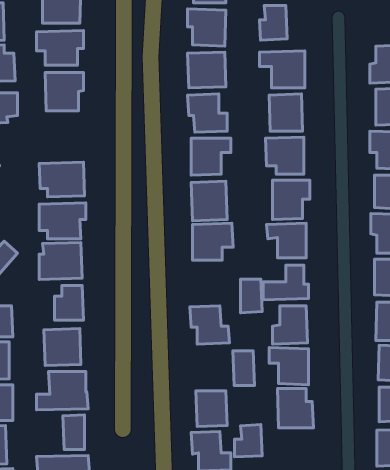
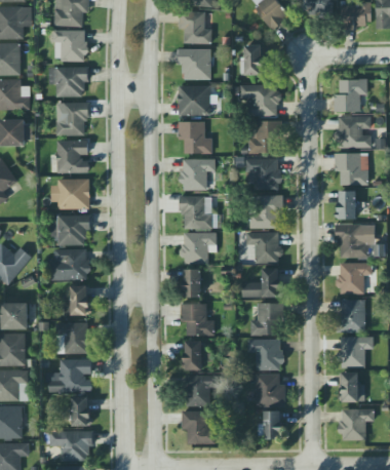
building: none -> [56,140,88,173]
building: [240,279,262,313] -> [183,269,201,298]
building: [233,351,255,386] -> [184,341,202,370]
building: [235,425,262,457] -> [258,410,281,438]

